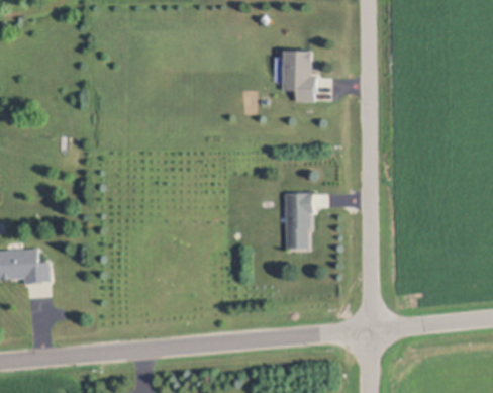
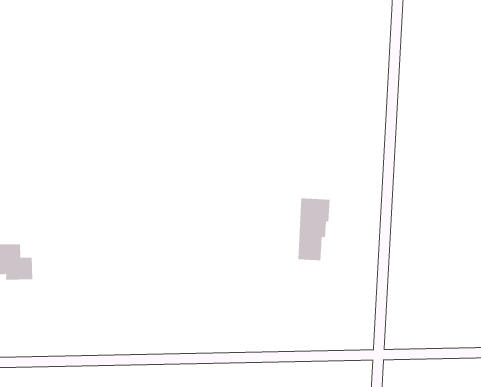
building: [281,51,315,100] -> none

